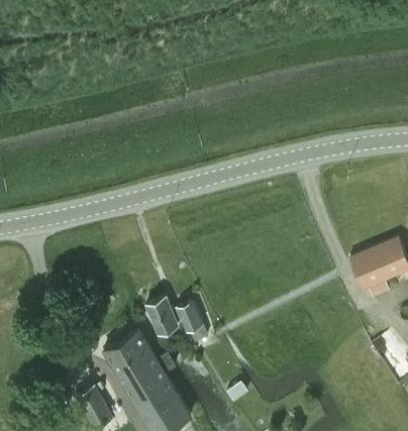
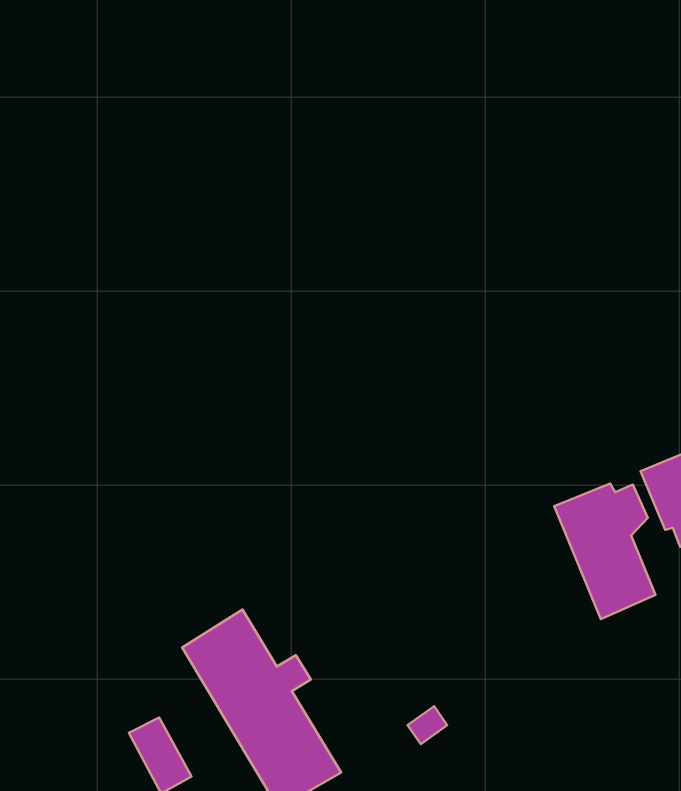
building: none -> [554,483,655,619]
building: [146,299,206,342] -> none

